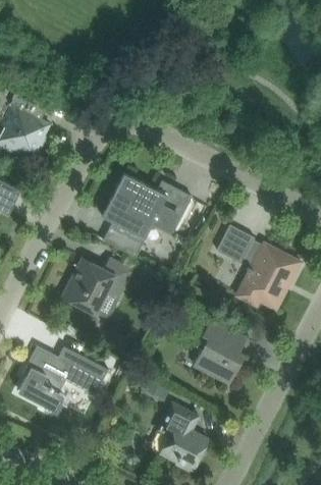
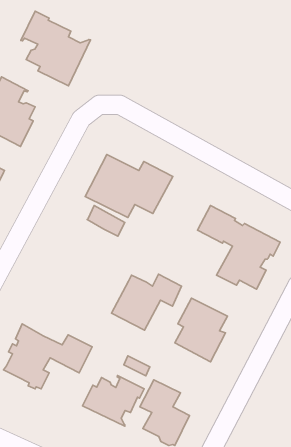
building: none -> [21,11,90,86]
building: [61,257,132,314] -> [112,274,181,330]
building: none -> [83,376,144,426]

